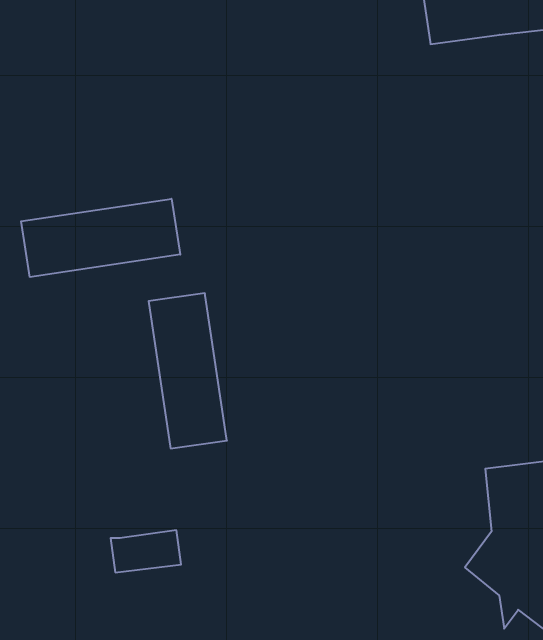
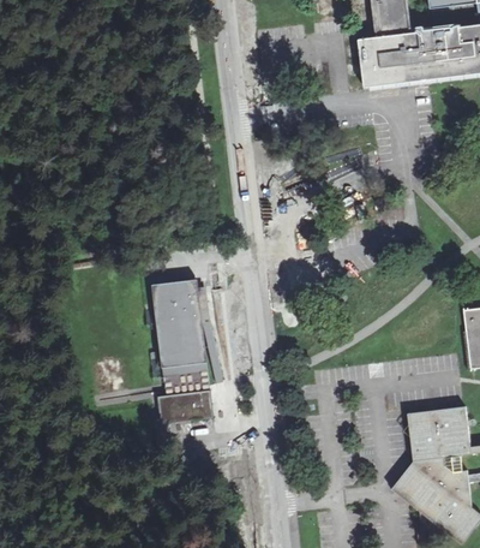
building: [21,199,180,277] -> none
building: [111,530,181,572] -> [160,391,214,423]

